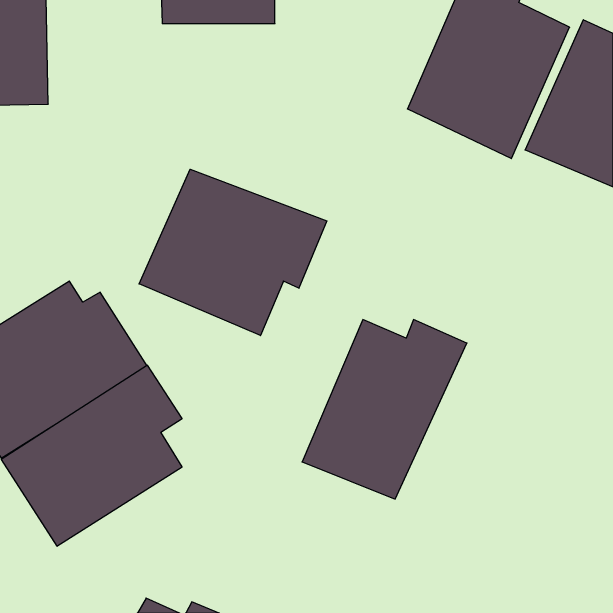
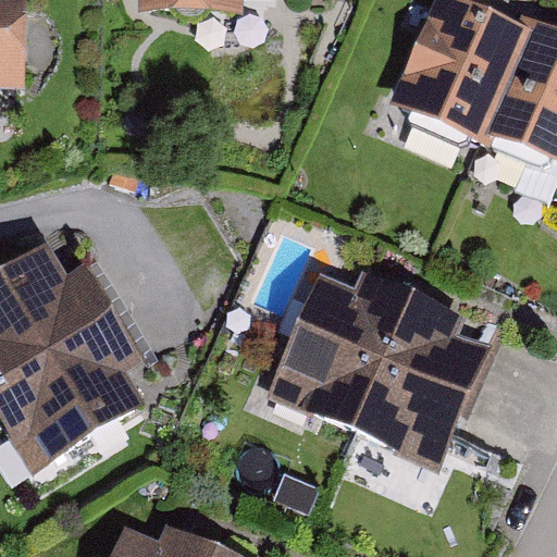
building: [139,169,327,336] -> none
building: none -> [351,295,502,474]

